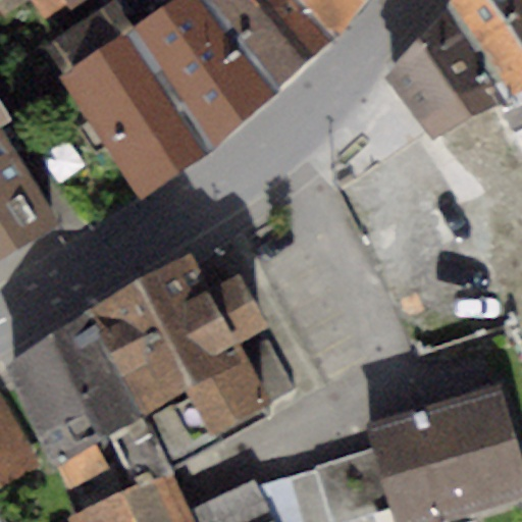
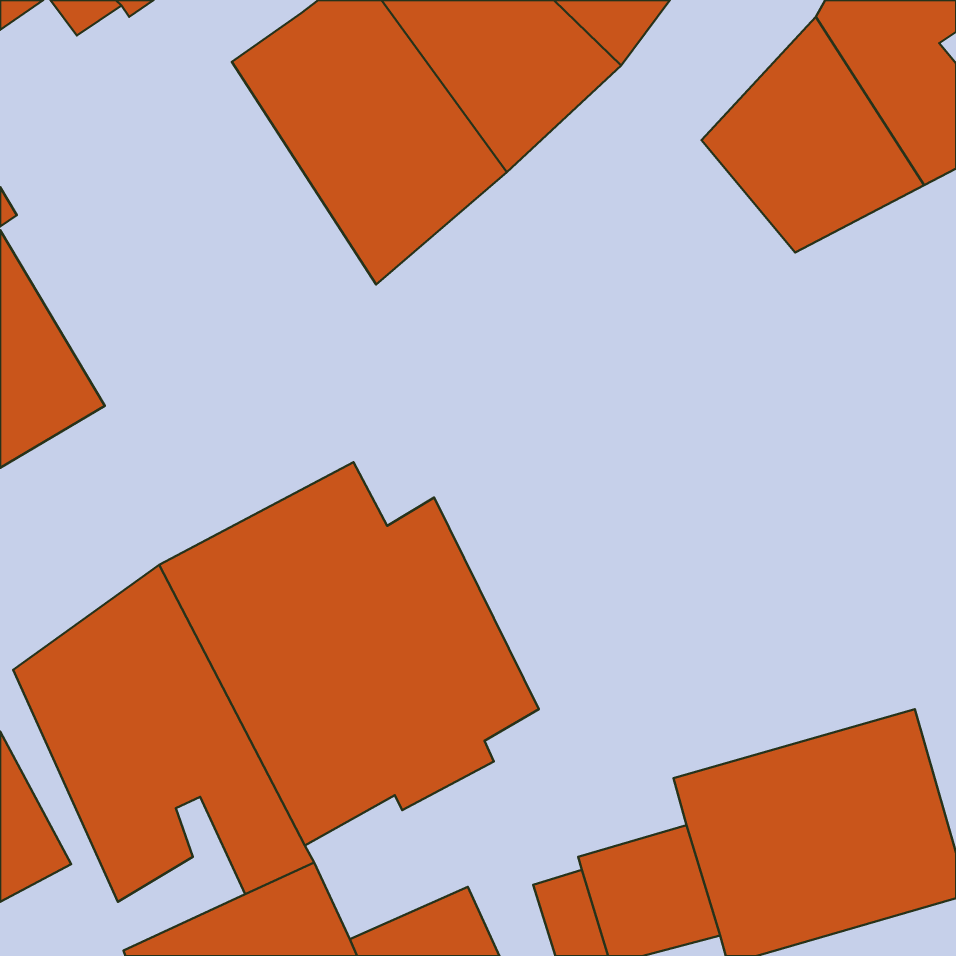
building: [56,34,205,199] -> none

